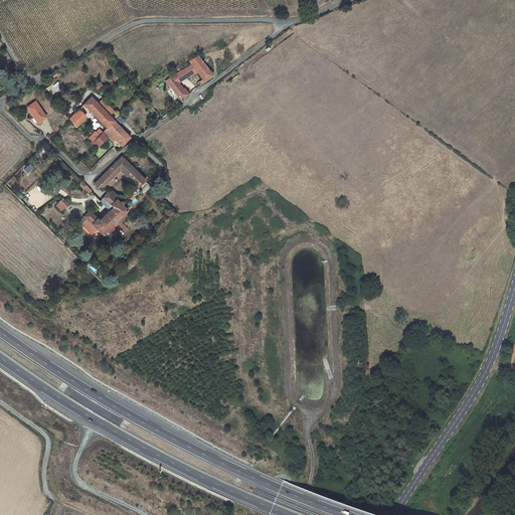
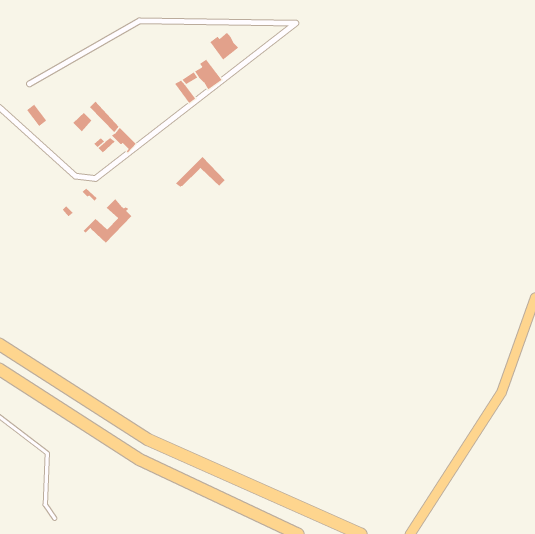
building: none -> [209,32,239,60]
building: [97,157,145,187] -> [175,156,226,188]

